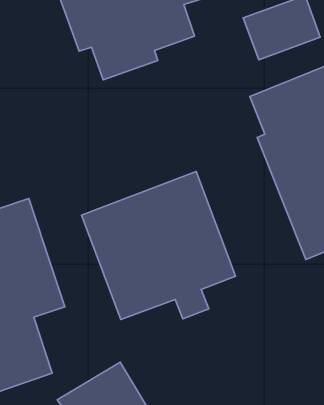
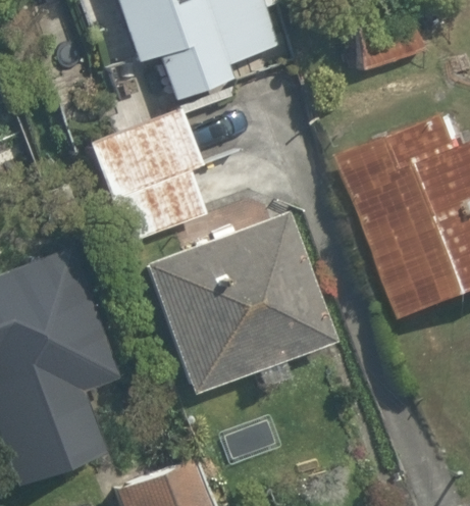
building: none -> [81,113,205,247]

